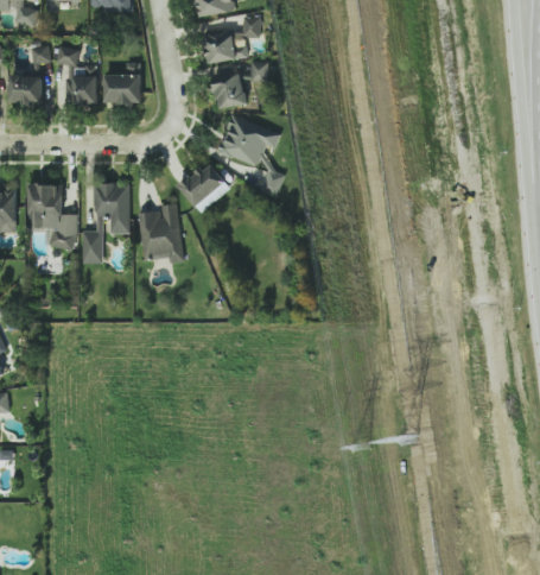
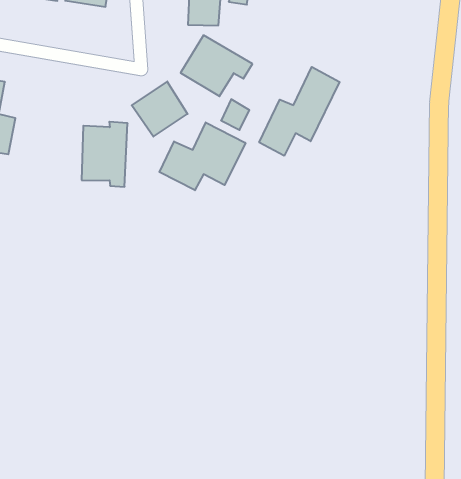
building: none -> [259,67,340,156]
building: [82,182,129,261] -> none
building: none -> [159,122,245,190]

